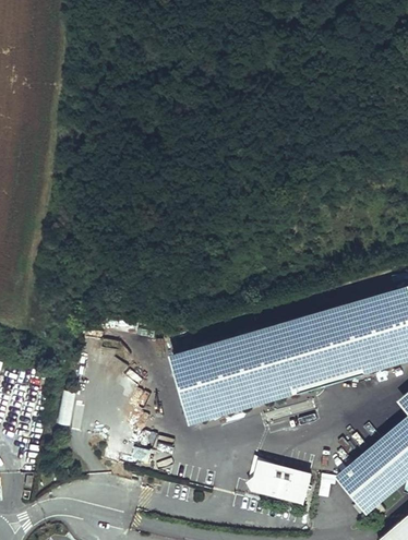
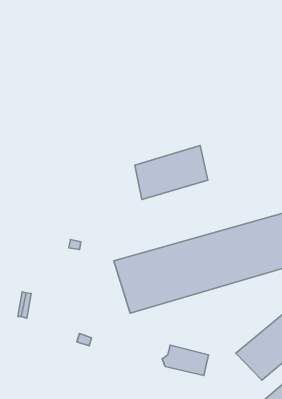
building: none -> [135,146,208,199]

